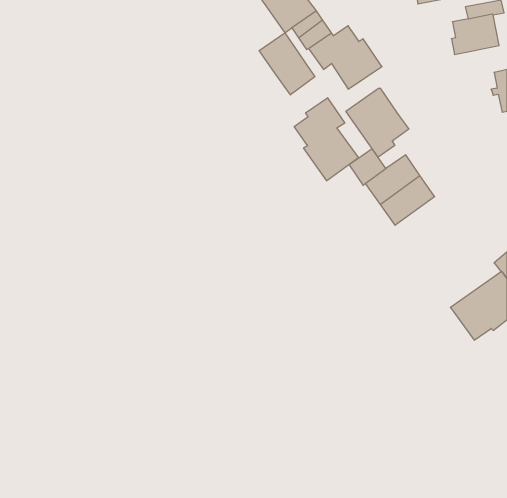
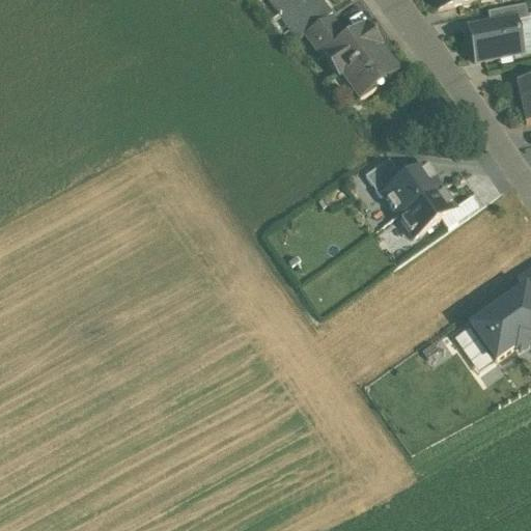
building: [259,33,315,95] -> none
building: [346,88,409,157] -> none
building: [294,98,359,181] -> none

